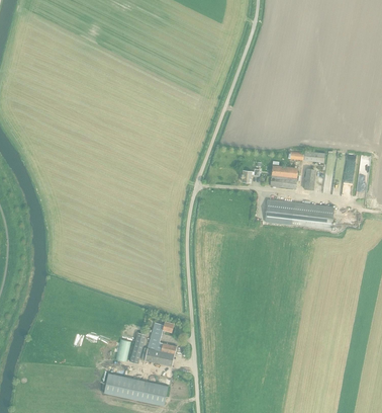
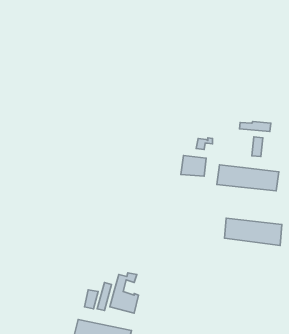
building: [269,164,297,187] -> [181,156,206,176]
building: none -> [225,218,282,246]

